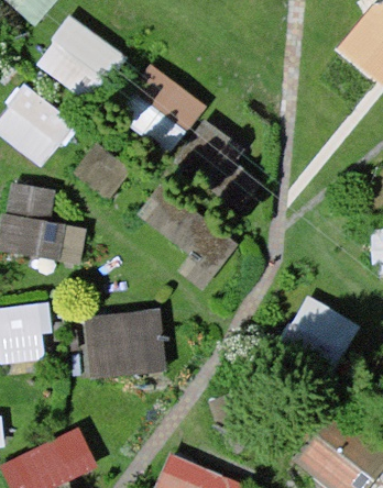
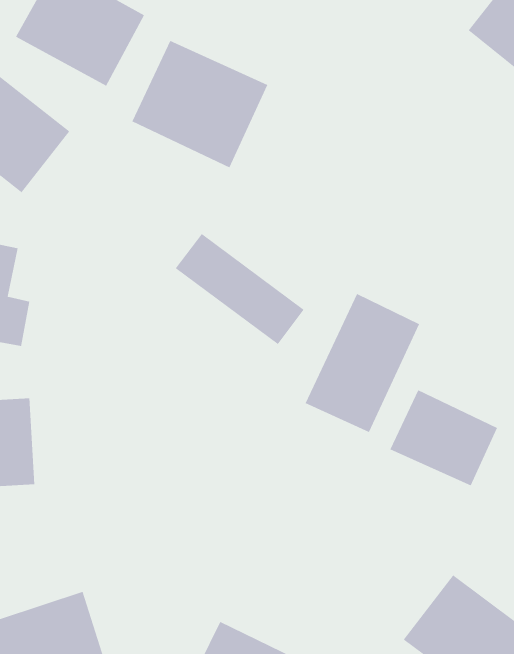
building: none -> [305,293,420,433]
building: [85,307,168,378] -> none

